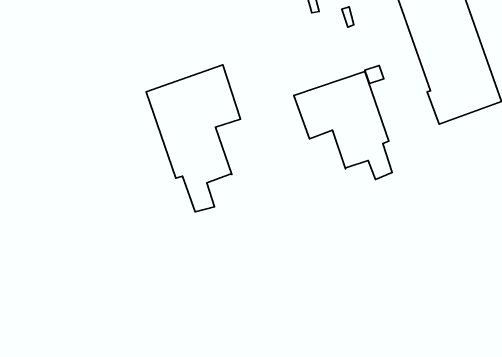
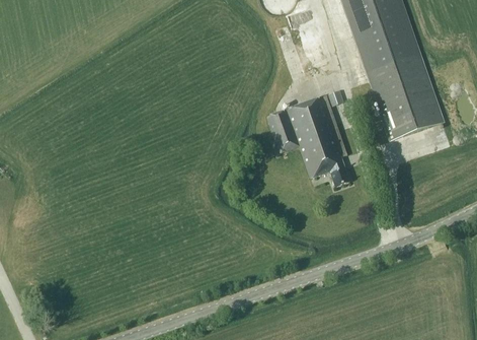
building: [146,65,241,212] -> none

